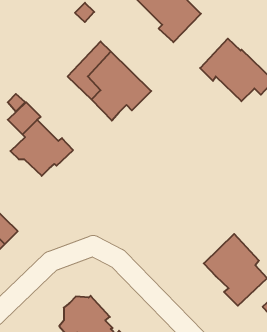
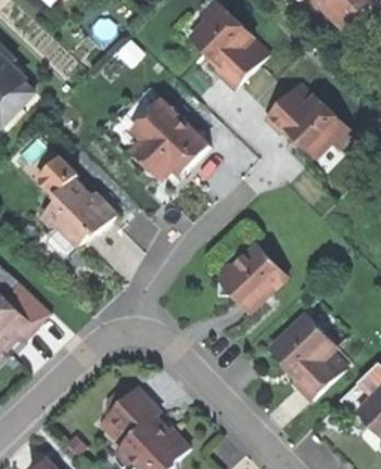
building: none -> [219,244,285,310]

